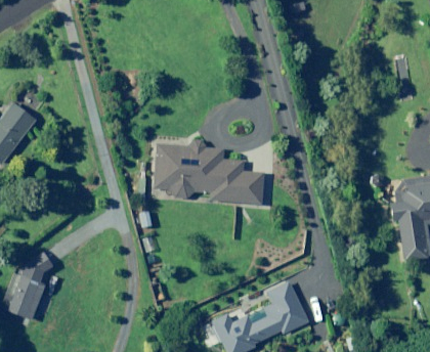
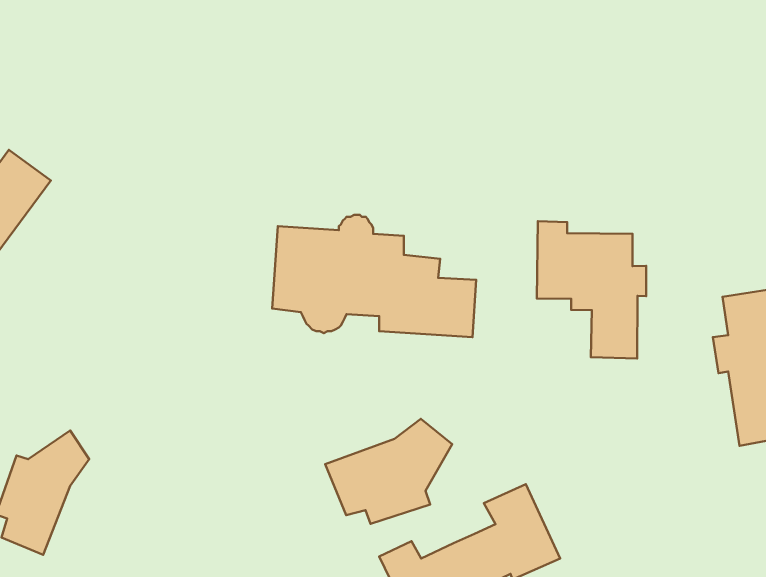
building: none -> [537,221,646,359]
building: none -> [325,419,452,524]

